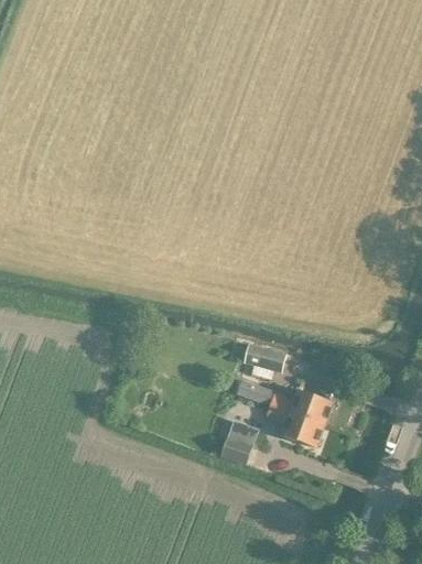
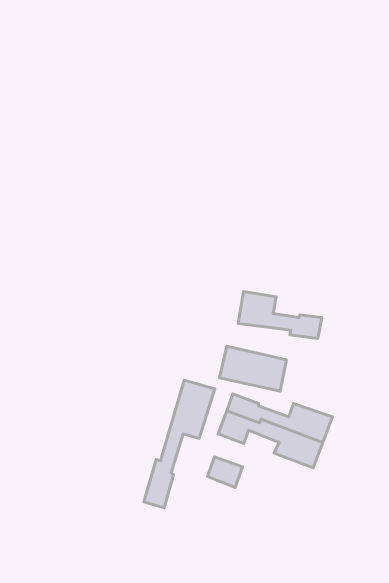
building: none -> [238,291,322,338]
building: none -> [144,380,215,508]

